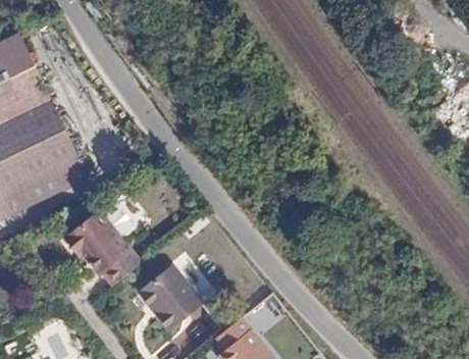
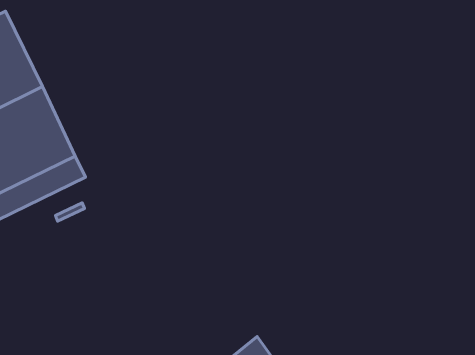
building: [70,204,139,279] -> none
building: [137,264,199,327] -> none

